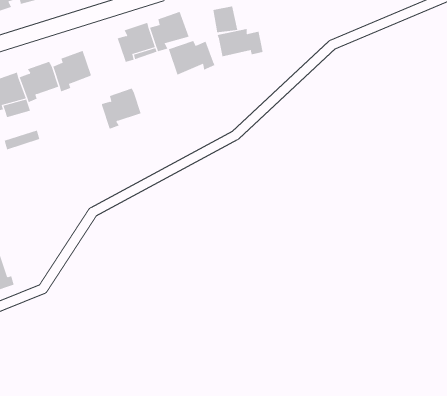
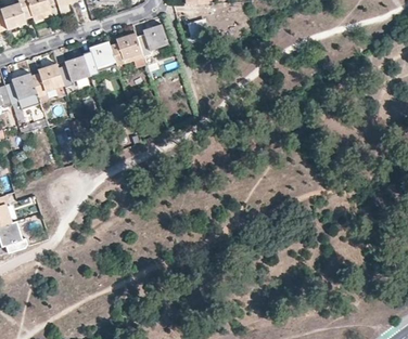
building: [217,28,263,57] -> none
building: [168,40,215,76] -> none
building: [101,88,142,130] -> [82,42,115,76]

